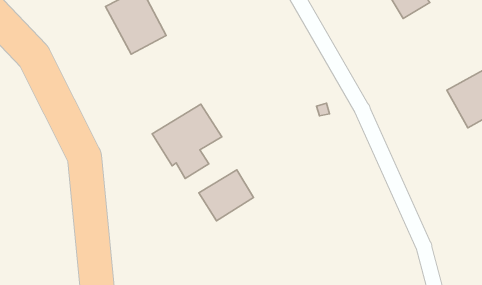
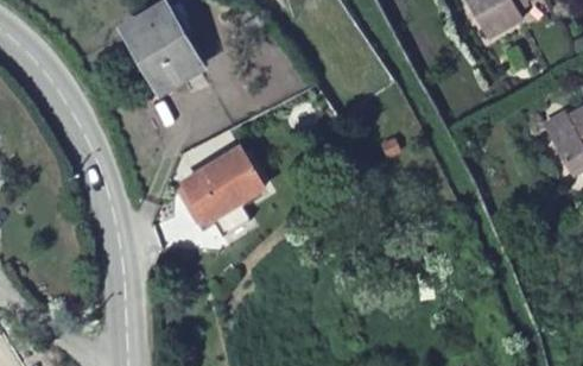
building: [199,170,253,221] -> none

